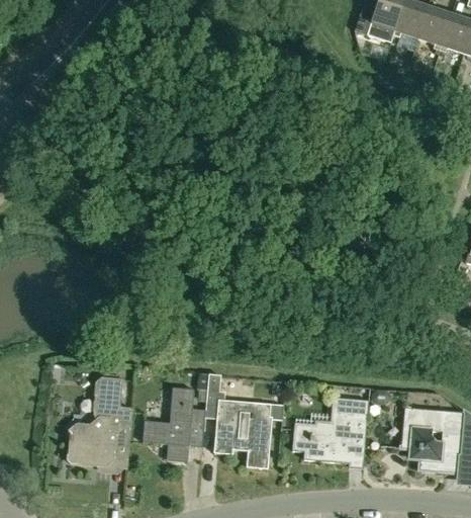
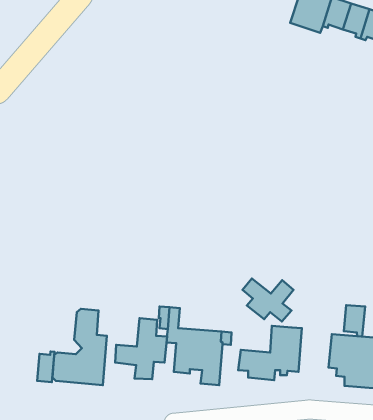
building: none -> [242,278,293,321]
building: none -> [344,305,365,337]
building: none -> [37,352,54,382]

